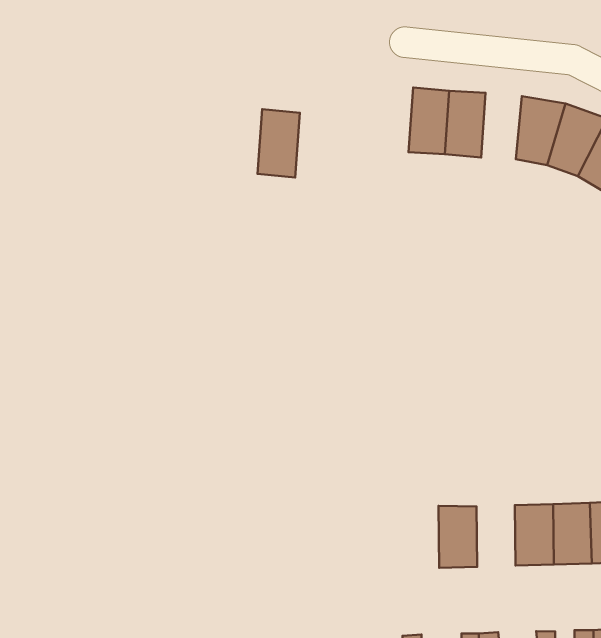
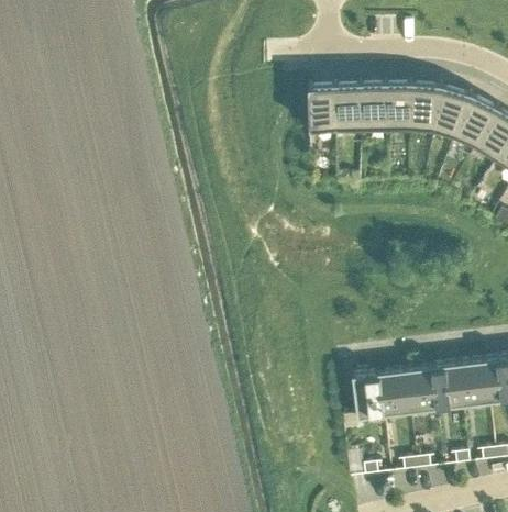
building: none -> [385,84,410,129]
building: [258,109,300,178] -> [308,85,335,130]
building: none -> [406,367,437,412]
building: none -> [352,372,384,419]

